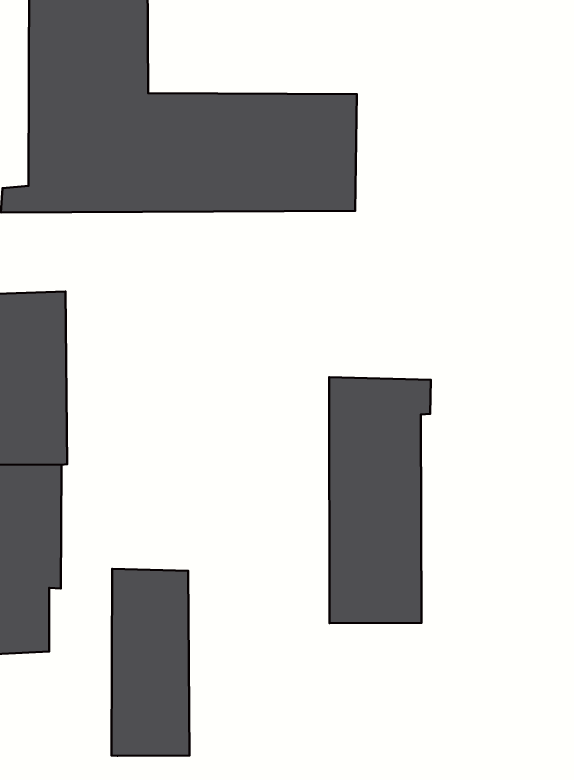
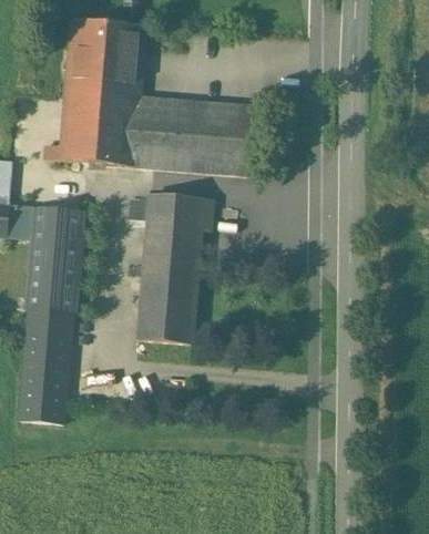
building: [329,377,431,623] -> [136,193,208,342]
building: [111,569,190,756] -> none

